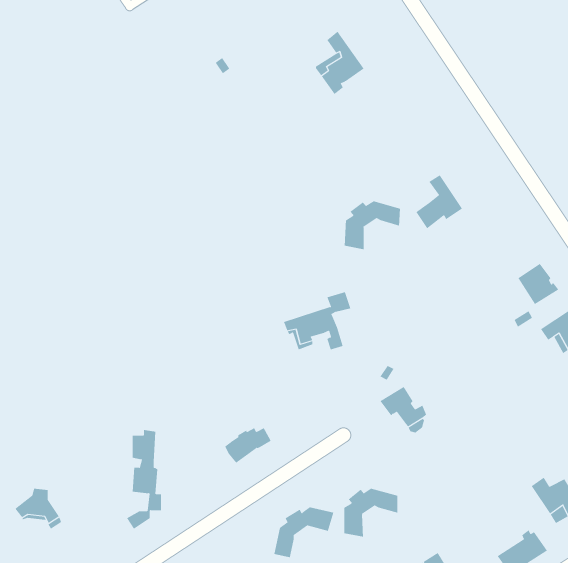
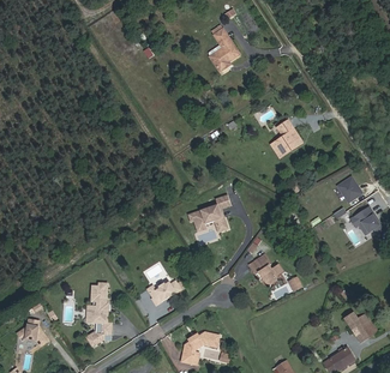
building: [344,201,400,250] -> none
building: [344,488,398,537] -> none

